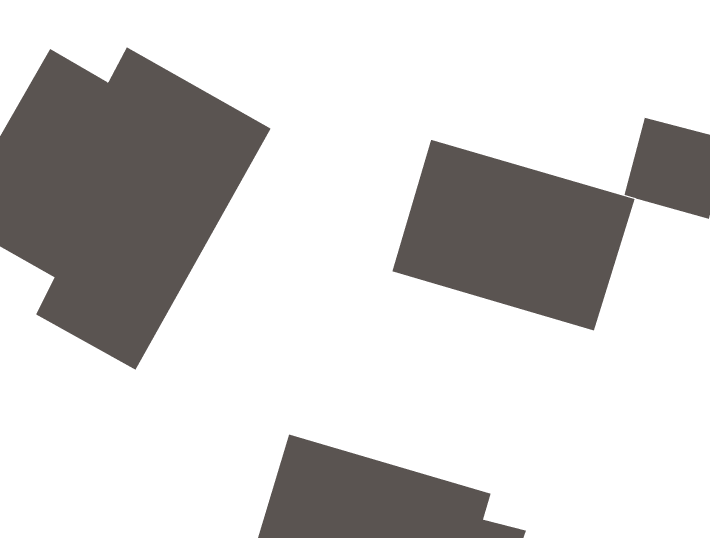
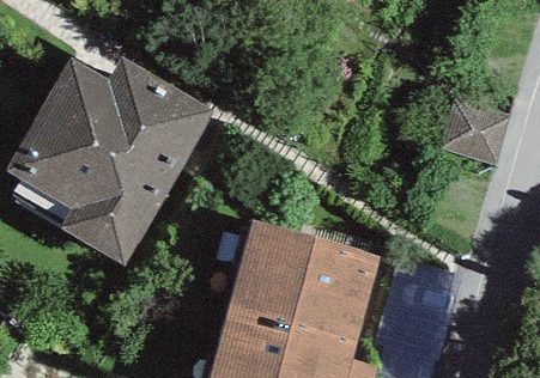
building: [391,139,635,331] -> [224,221,381,345]

